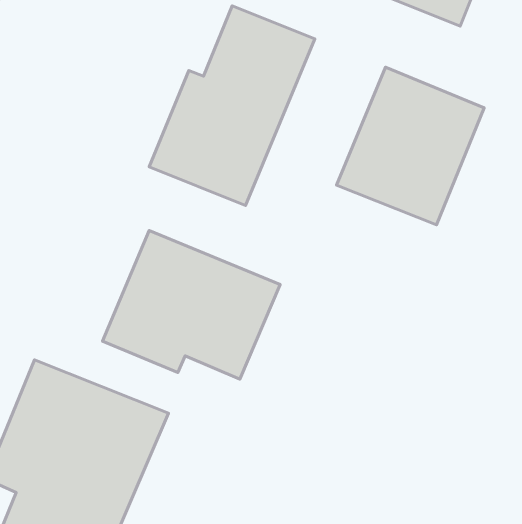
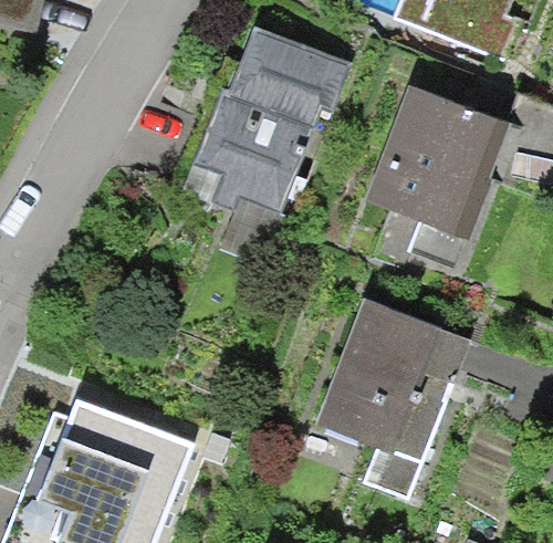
building: [102,231,280,379] -> none
building: none -> [312,302,459,473]

